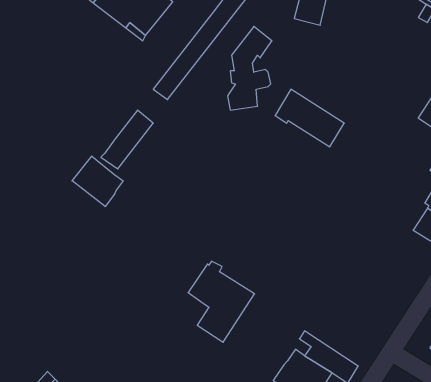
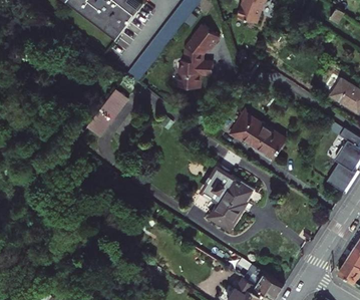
building: [275,89,344,147] -> [232,113,285,158]
building: [72,156,123,207] -> none
building: [188,261,255,342] -> [203,167,254,229]

